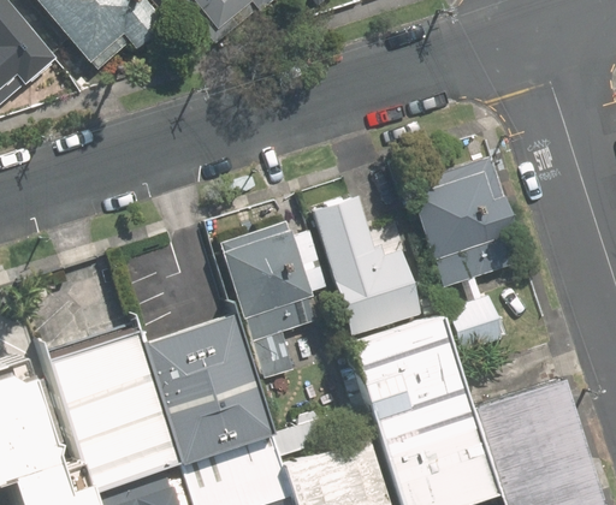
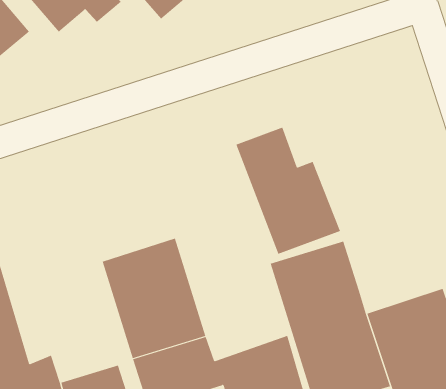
building: [407,152,517,332] -> none
building: [226,220,331,380] -> none
building: [51,328,180,491] -> none

